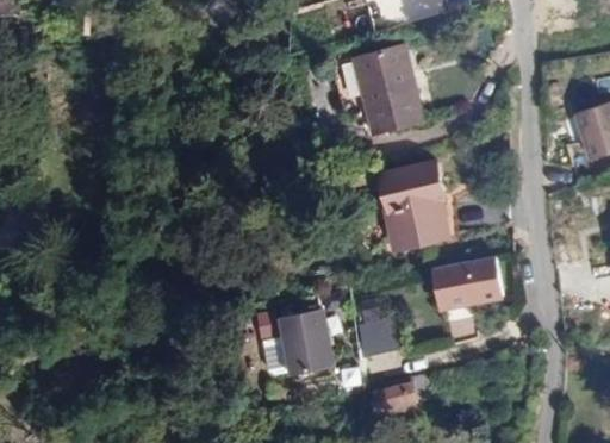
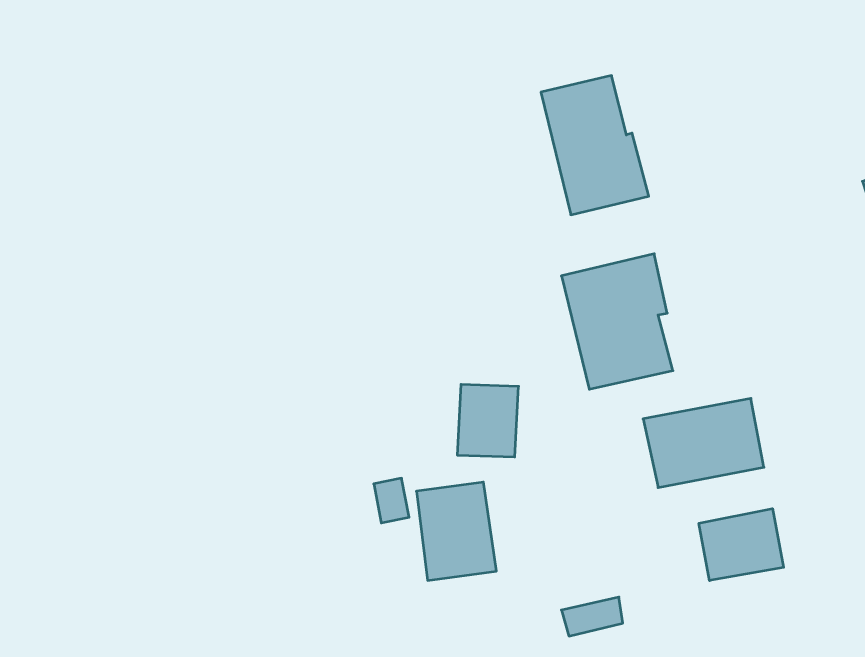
building: [357,305,397,351] -> [457,384,519,457]
building: none -> [699,509,784,581]

